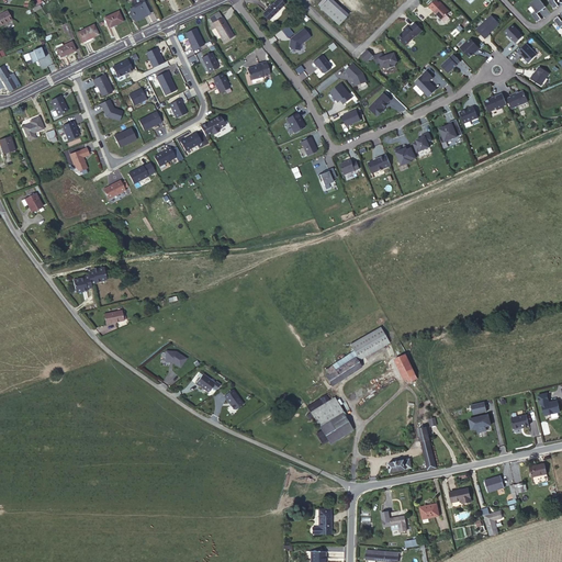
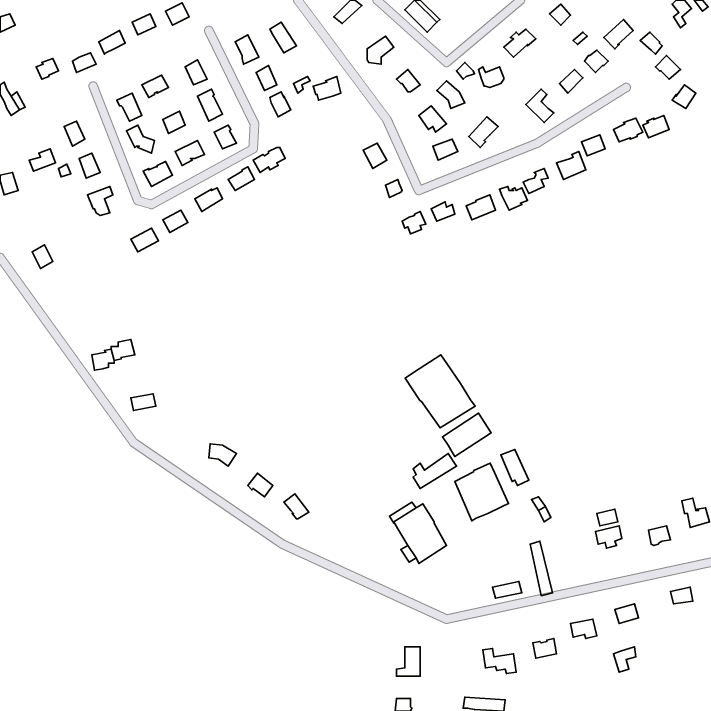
building: none -> [405,355,475,428]
building: none -> [455,463,508,521]

